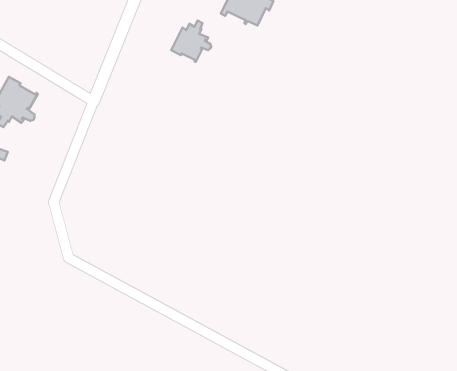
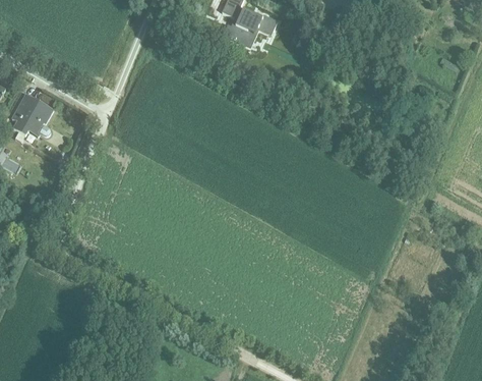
building: [171,20,211,62] -> none

